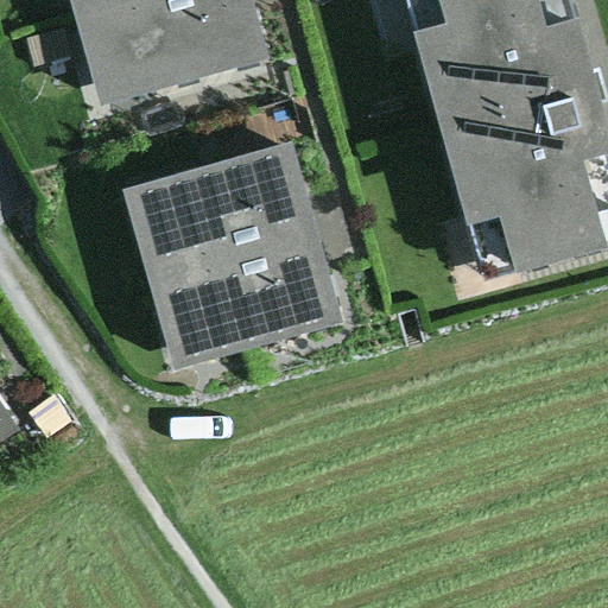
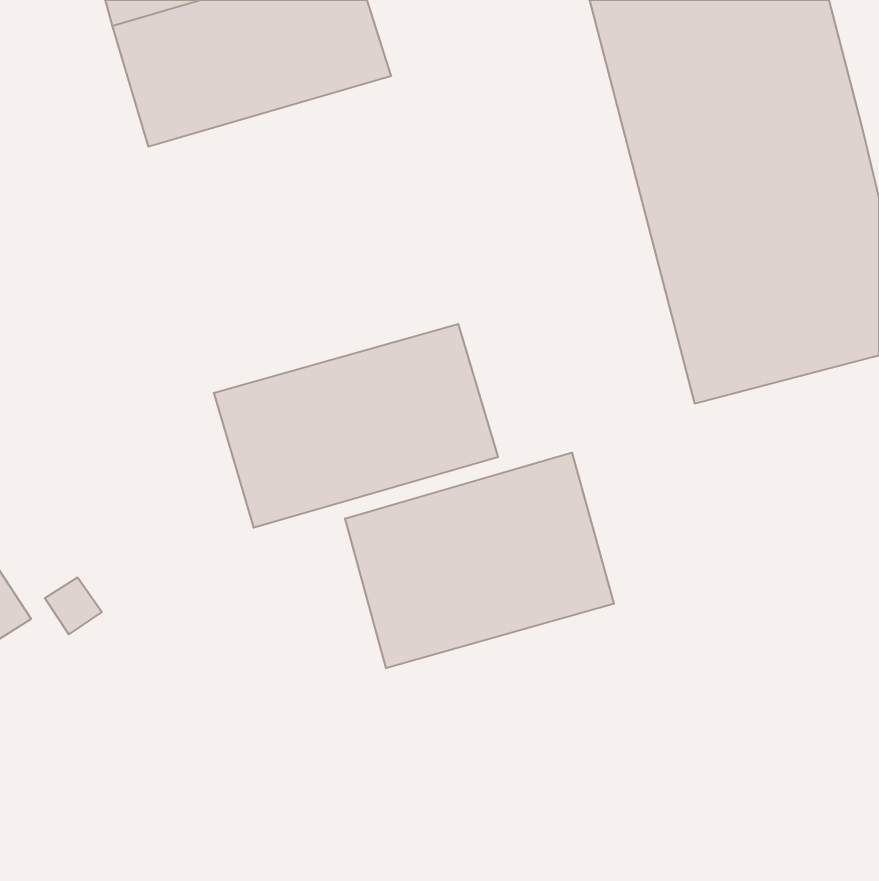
building: [124,135,316,271] -> none
building: none -> [345,453,614,668]

